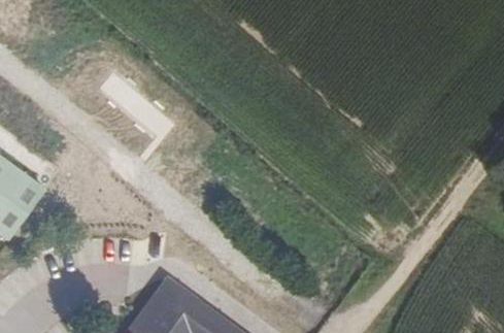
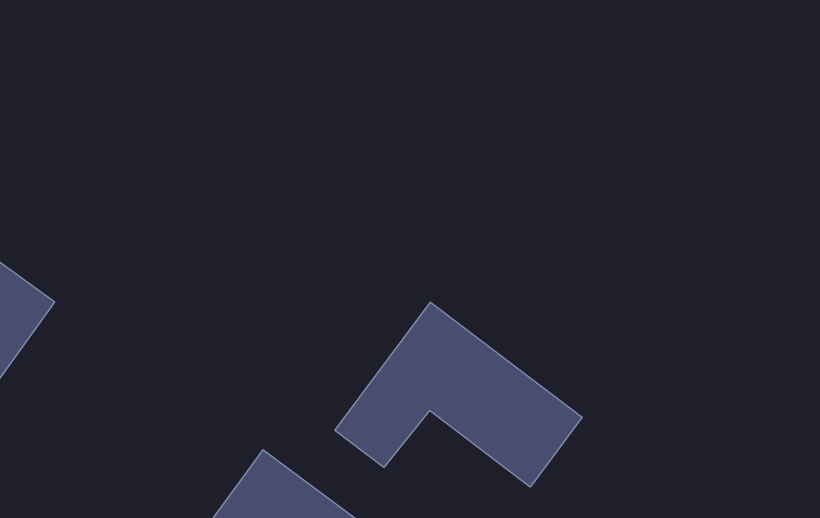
building: none -> [335,302,582,487]

